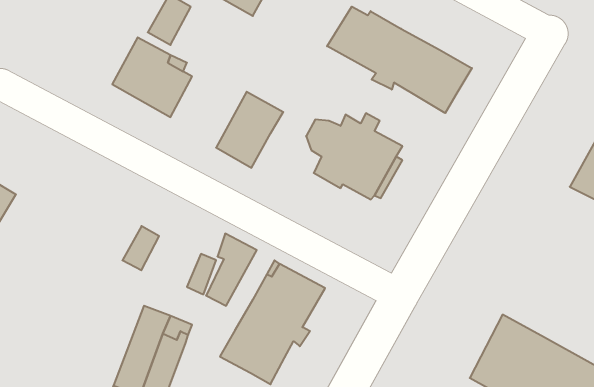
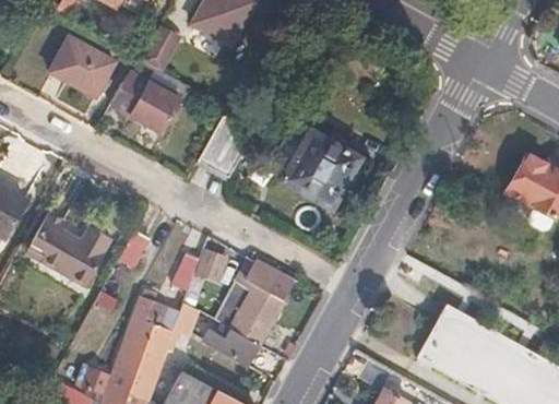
building: [327,7,472,113] -> none
building: none -> [51,39,116,98]
building: none -> [29,214,114,287]

